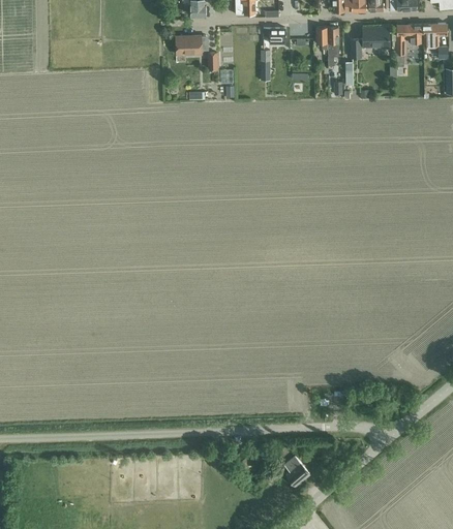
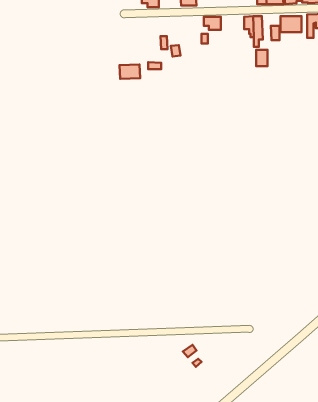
building: [176,36,203,55] -> [119,64,140,79]
building: [285,456,310,486] -> none

